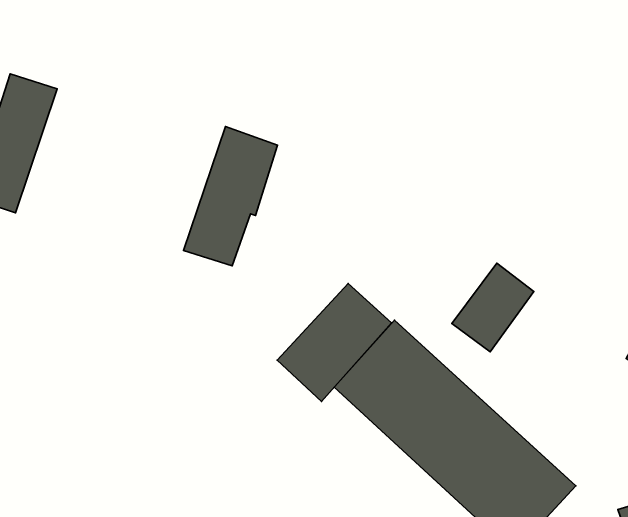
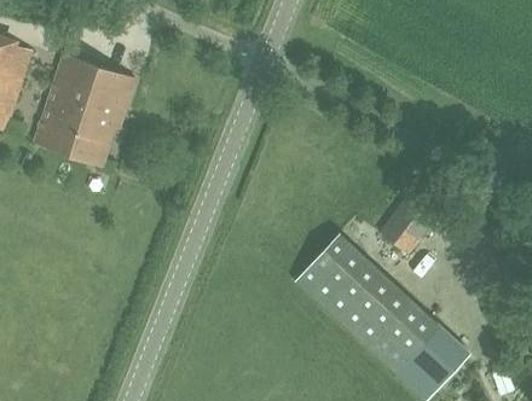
building: [183,127,277,266] -> [65,65,133,165]
building: [277,283,391,401] -> none

